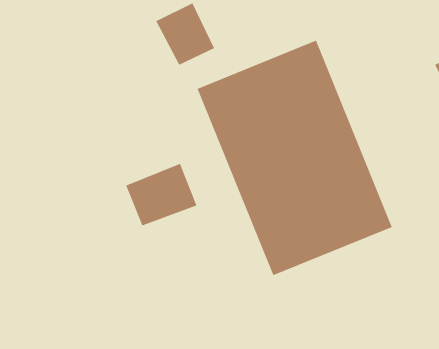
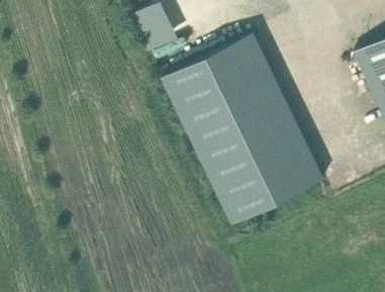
building: [125,163,198,227] -> none

